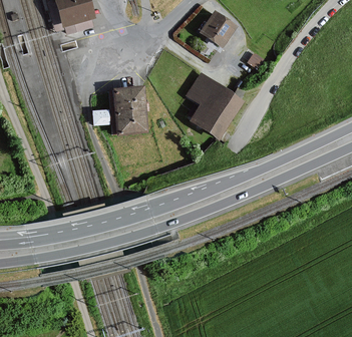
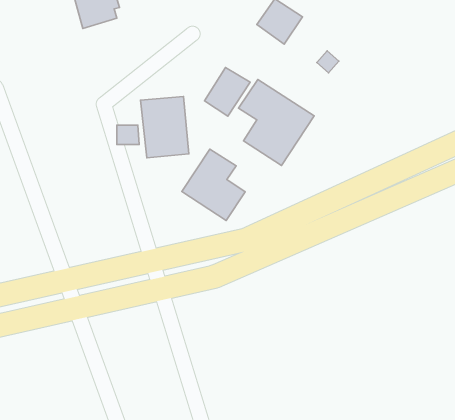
building: none -> [204,67,250,116]
building: none -> [182,149,245,221]

